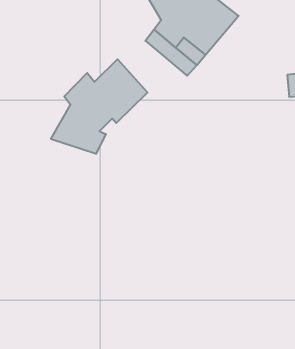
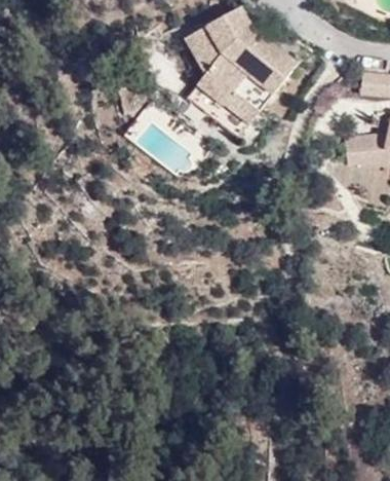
building: [51,59,147,154] -> none

